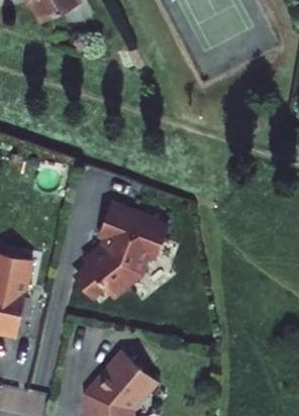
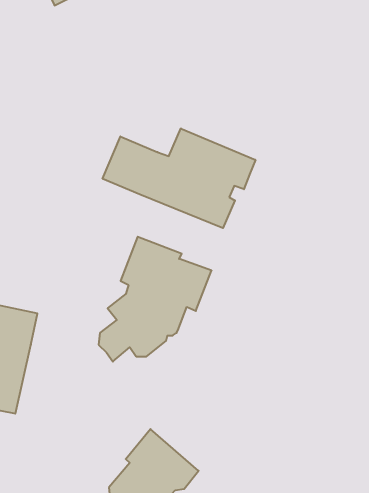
building: none -> [103,128,255,228]

